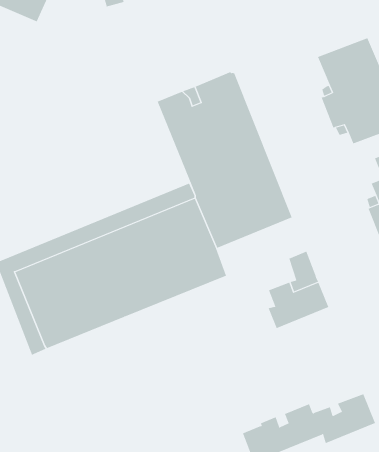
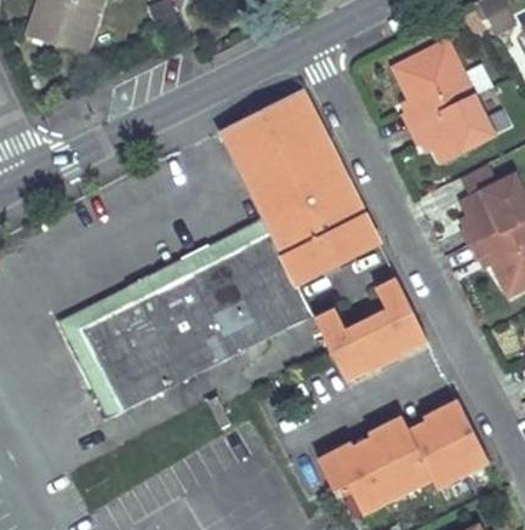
building: none -> [318,310,372,380]
building: none -> [315,403,473,492]

